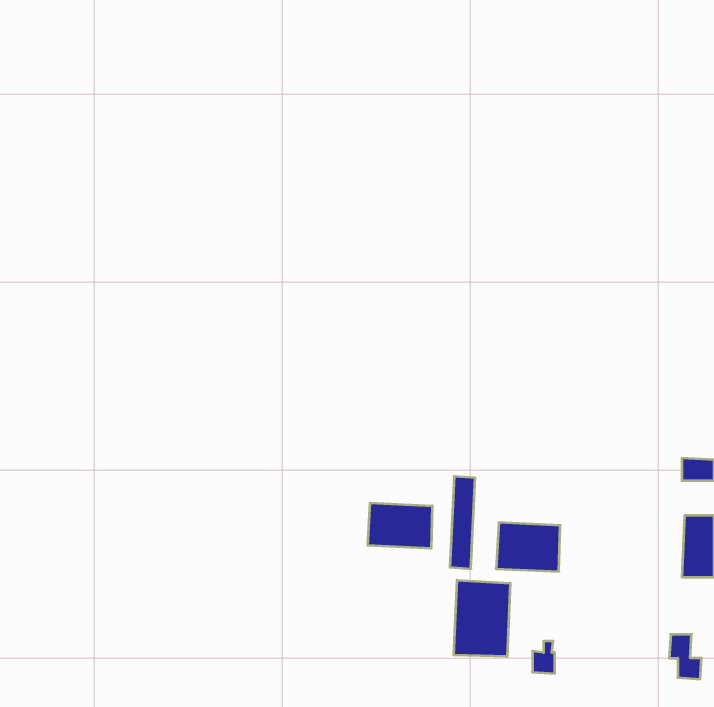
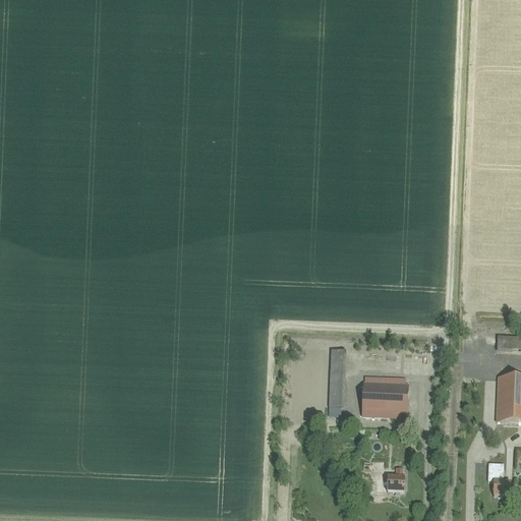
building: [368,503,432,548] -> none
building: [454,580,510,657] -> none

